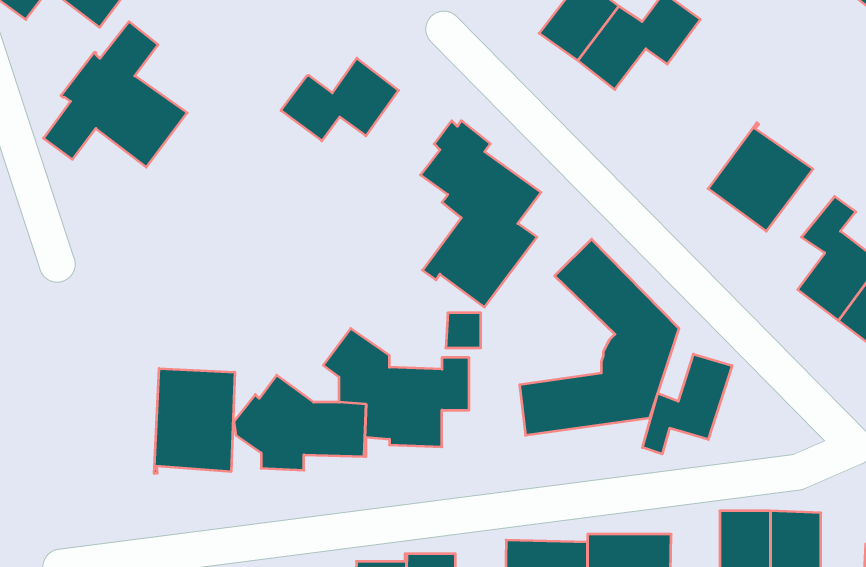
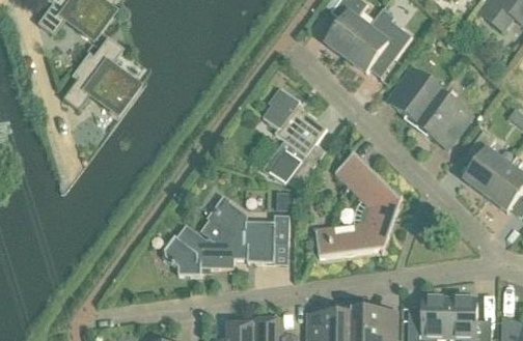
building: [281,58,399,141] -> none
building: none -> [387,66,442,124]
building: [642,354,732,454] -> none
building: [154,368,235,474] -> none

